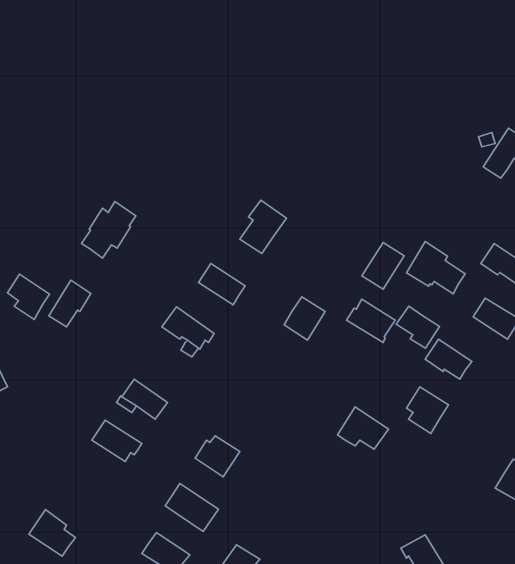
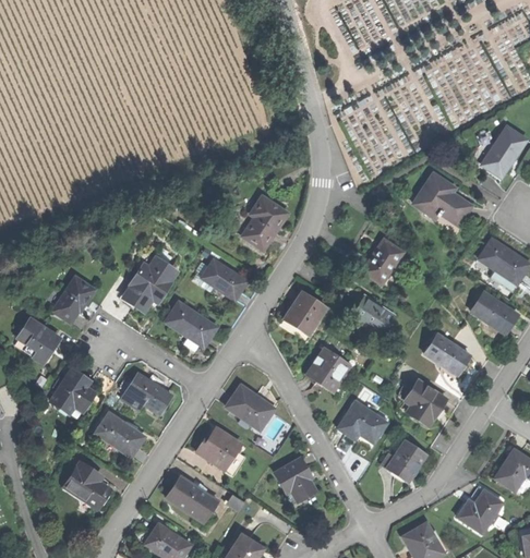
building: [81,201,136,258] -> [124,256,178,312]
building: [406,242,465,294] -> [413,174,471,226]
building: [7,274,50,320] -> [19,318,60,363]
building: [396,306,440,348] -> none
building: none -> [308,350,351,391]
building: none -> [52,368,96,413]
building: none -> [228,385,277,429]
building: none -> [383,441,426,482]
building: none -> [276,459,317,502]
building: none -> [457,490,502,534]
building: [29,510,75,556] -> [67,461,112,507]

